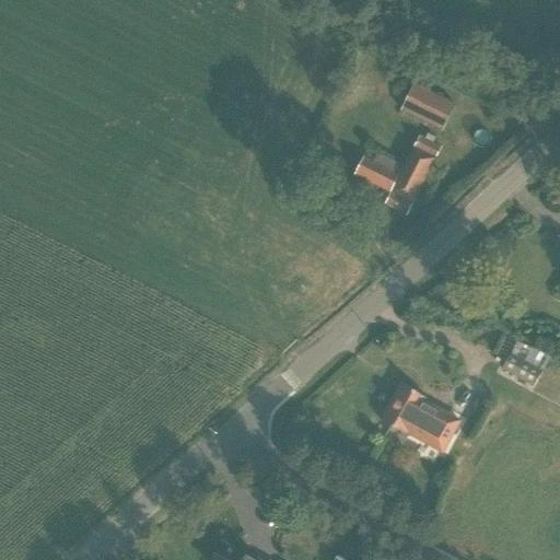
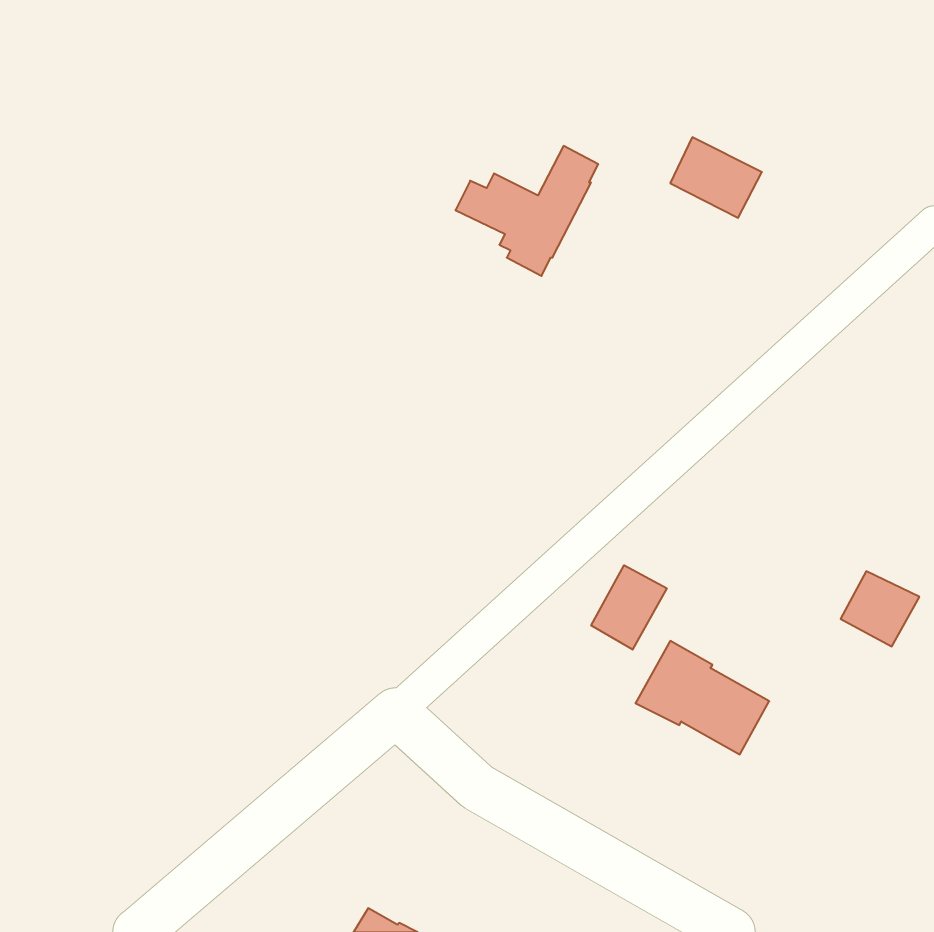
building: [354,136,440,213] -> [455,146,598,276]
building: none -> [591,565,667,650]

